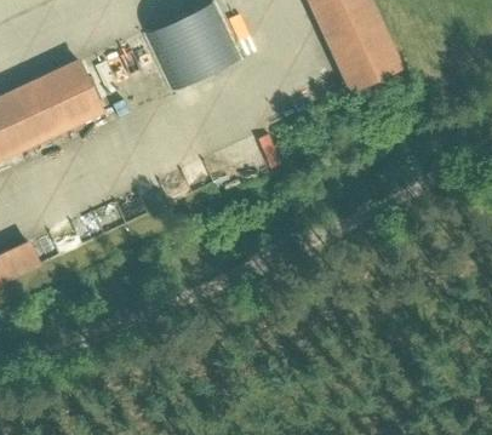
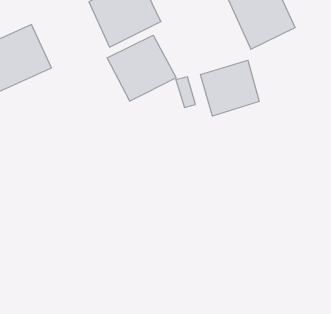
building: none -> [107,35,176,101]
building: none -> [201,60,259,116]

